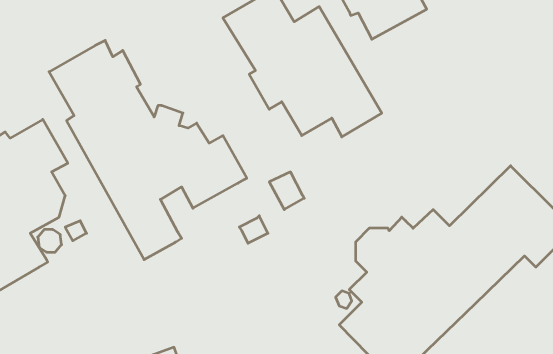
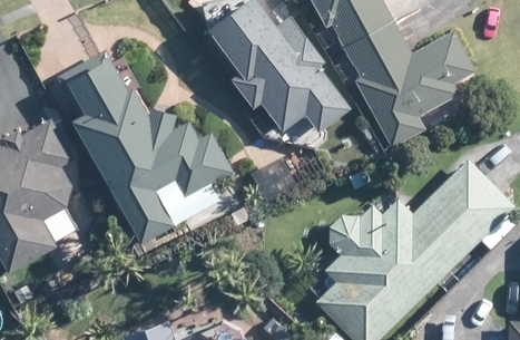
building: none -> [344,21,474,147]

